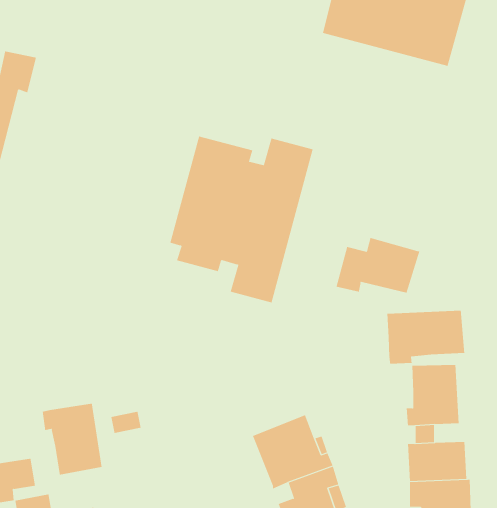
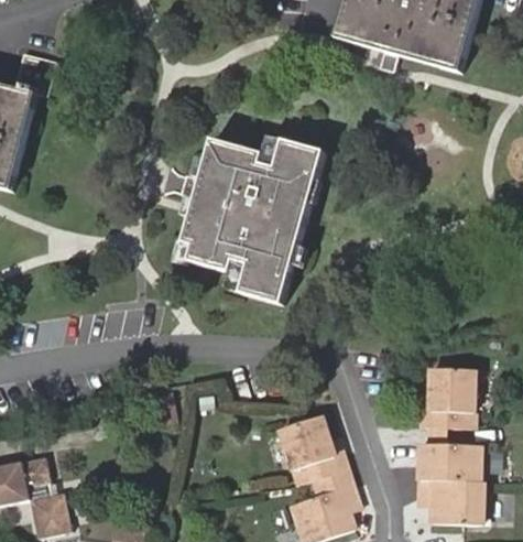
building: [336,237,420,294] -> none
building: [387,310,465,364] -> none
building: [42,403,102,476] -> none

